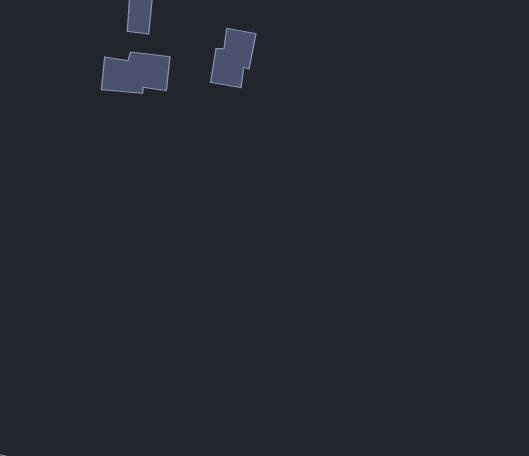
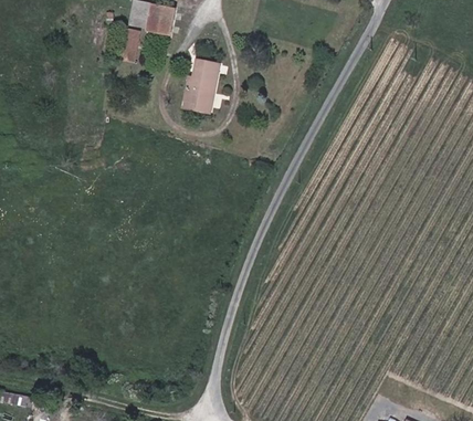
building: [101,52,170,93] -> none

